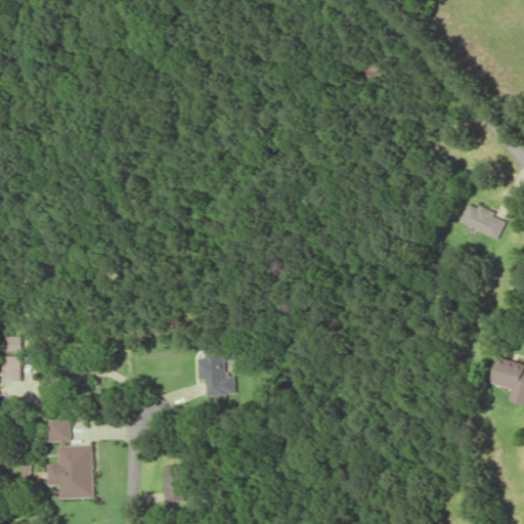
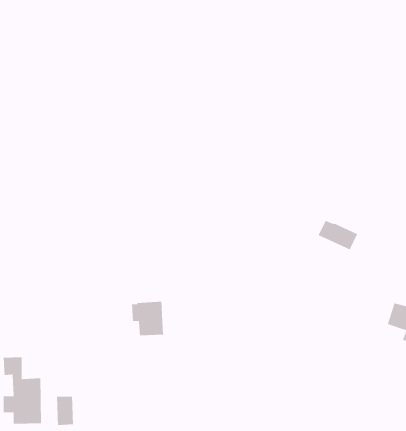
building: [458,204,506,239] -> [317,220,358,251]
building: [163,466,183,500] -> [56,396,74,426]

